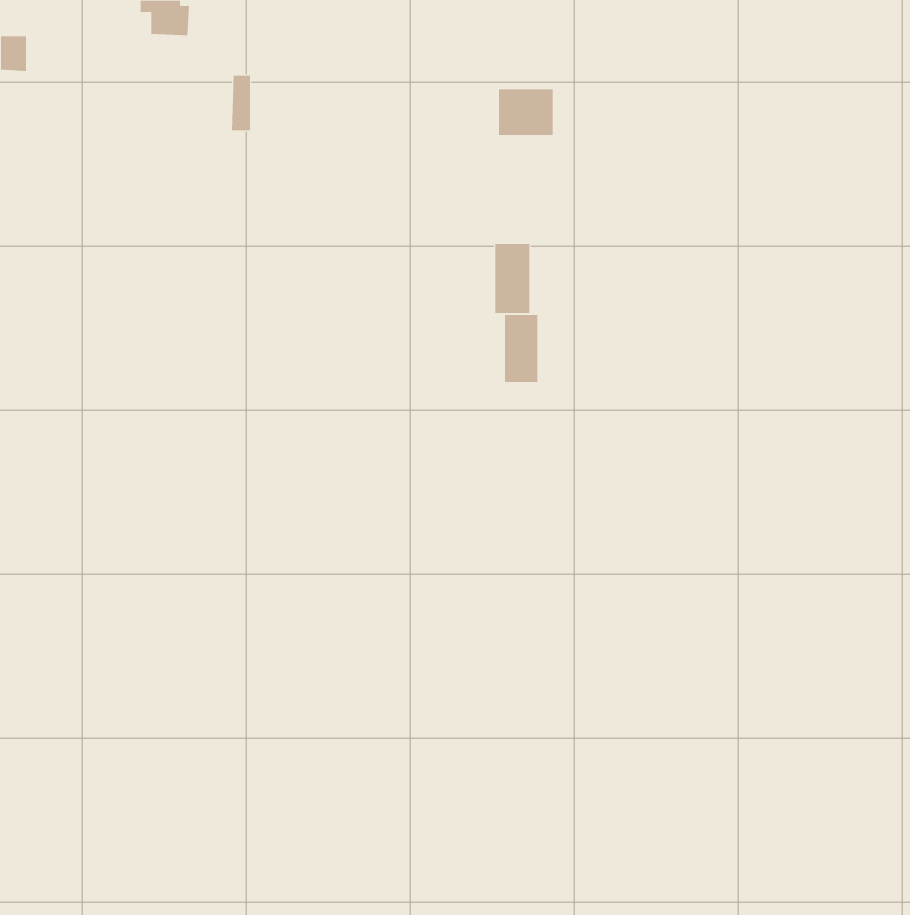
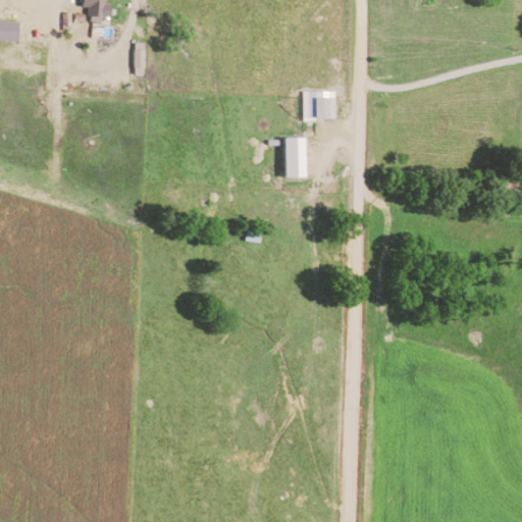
building: [498,89,554,135] -> [304,92,335,118]
building: [504,314,538,383] -> none

